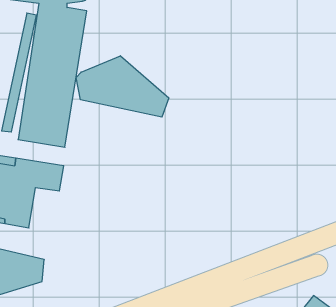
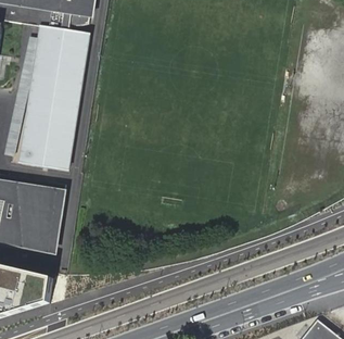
building: [76,56,169,117] -> none
building: none -> [31,210,62,253]

